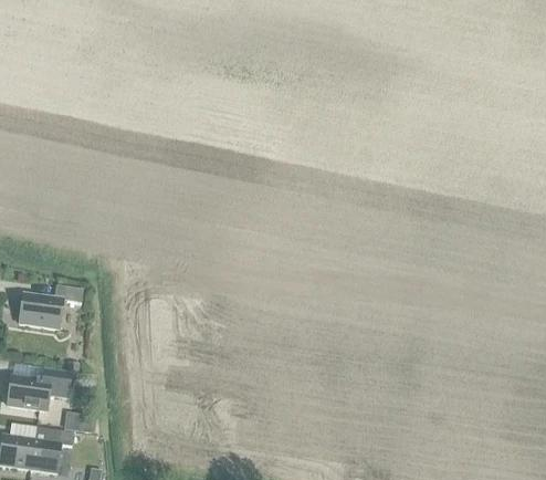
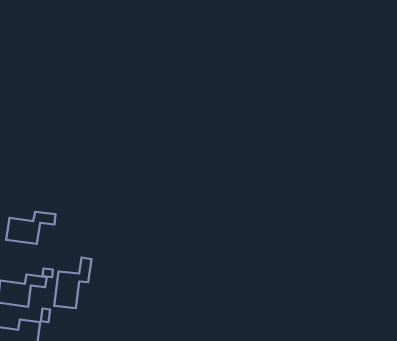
building: none -> [54,257,91,308]

